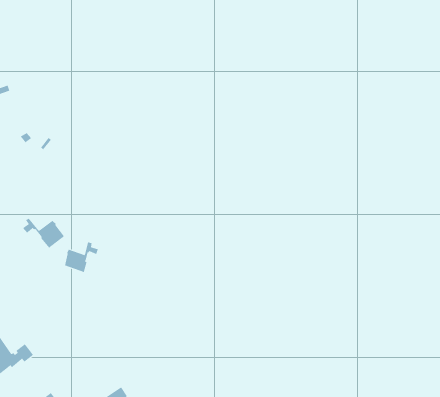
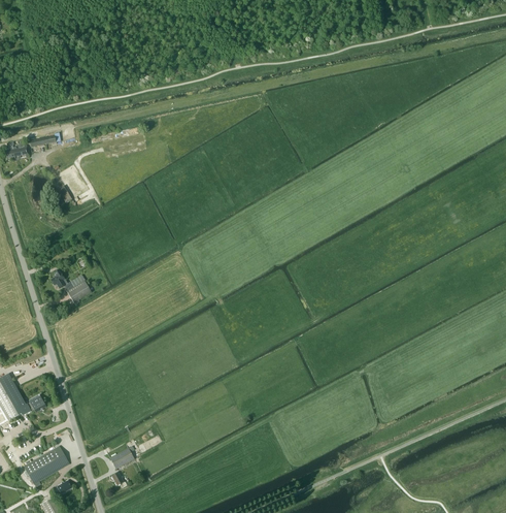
building: [64,241,98,273] -> none

